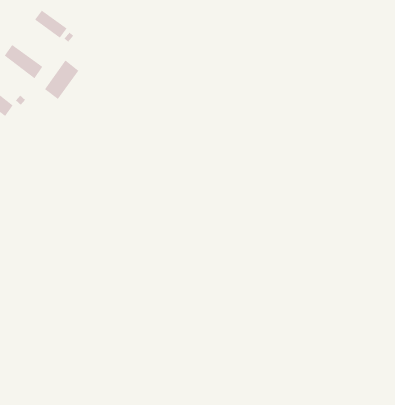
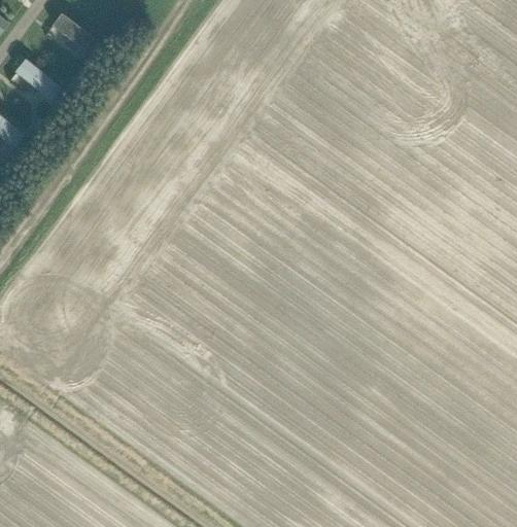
building: [44,60,79,100] -> none

